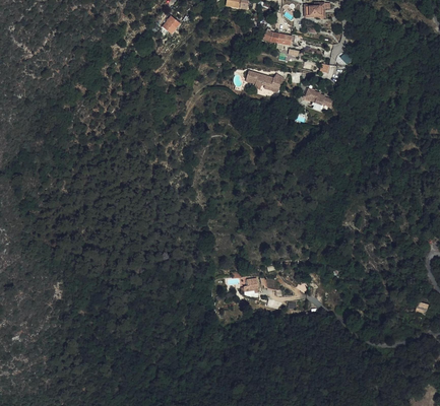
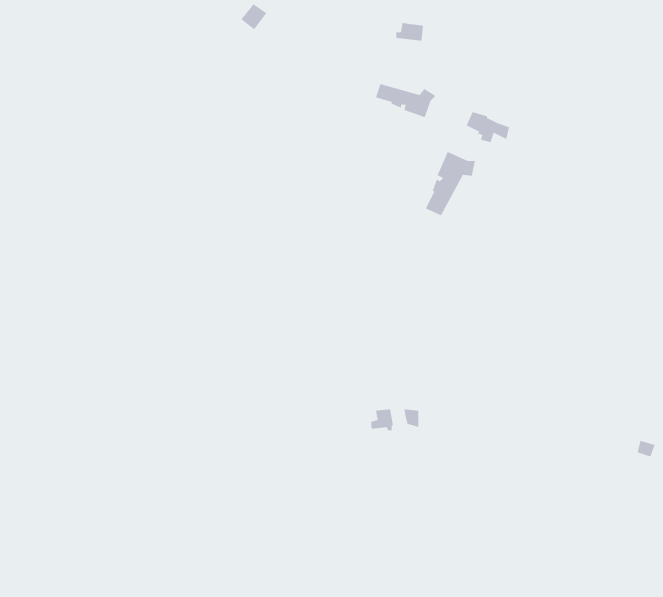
building: none -> [425,151,476,216]

